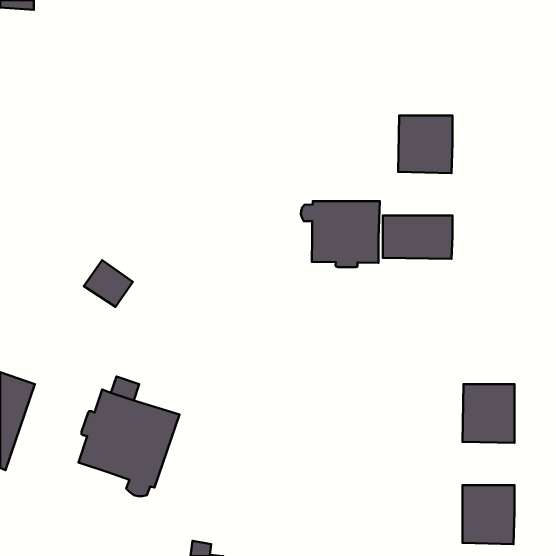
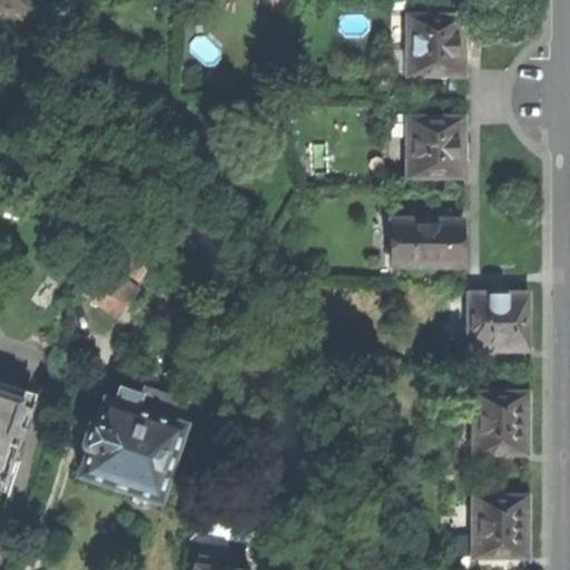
building: none -> [407,16,463,75]
building: [301,201,380,267] -> none
building: none -> [469,294,528,350]

